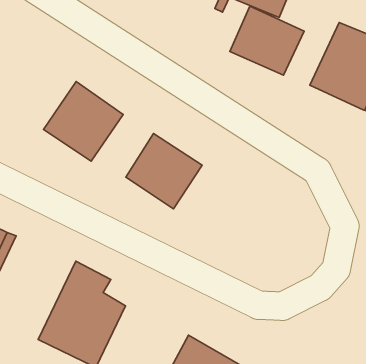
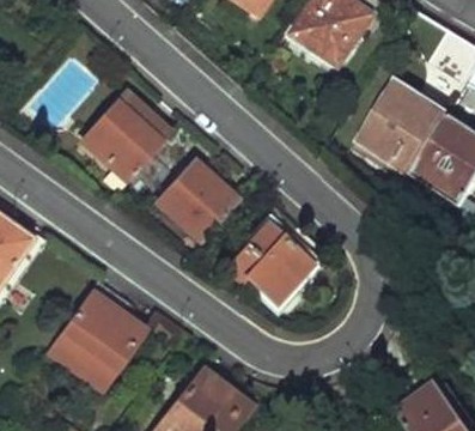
building: [230,6,304,75] -> none
building: none -> [232,210,323,305]

